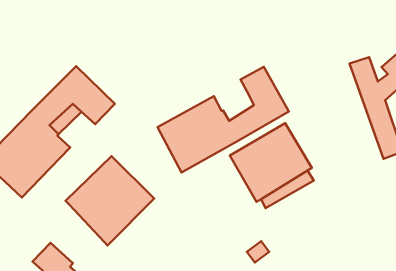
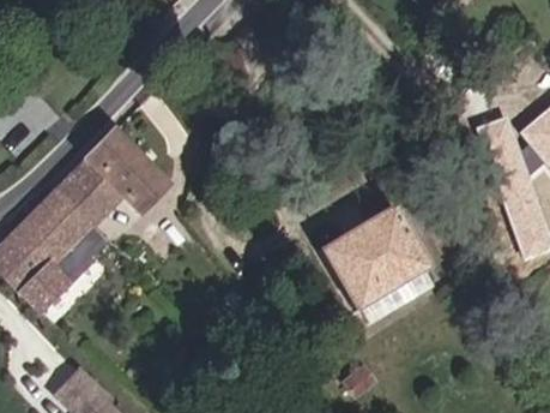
building: [157,67,289,173] -> none
building: [66,156,154,245] -> none

